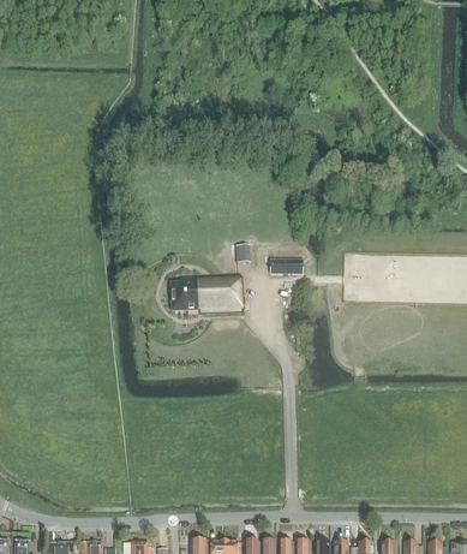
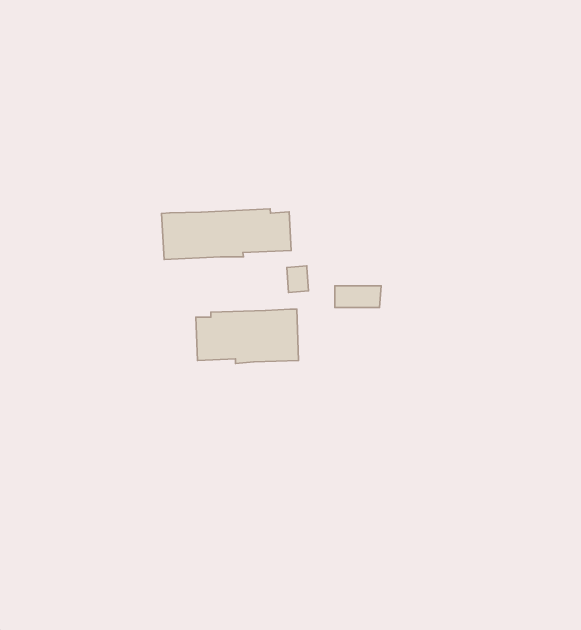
building: none -> [162,209,291,260]

